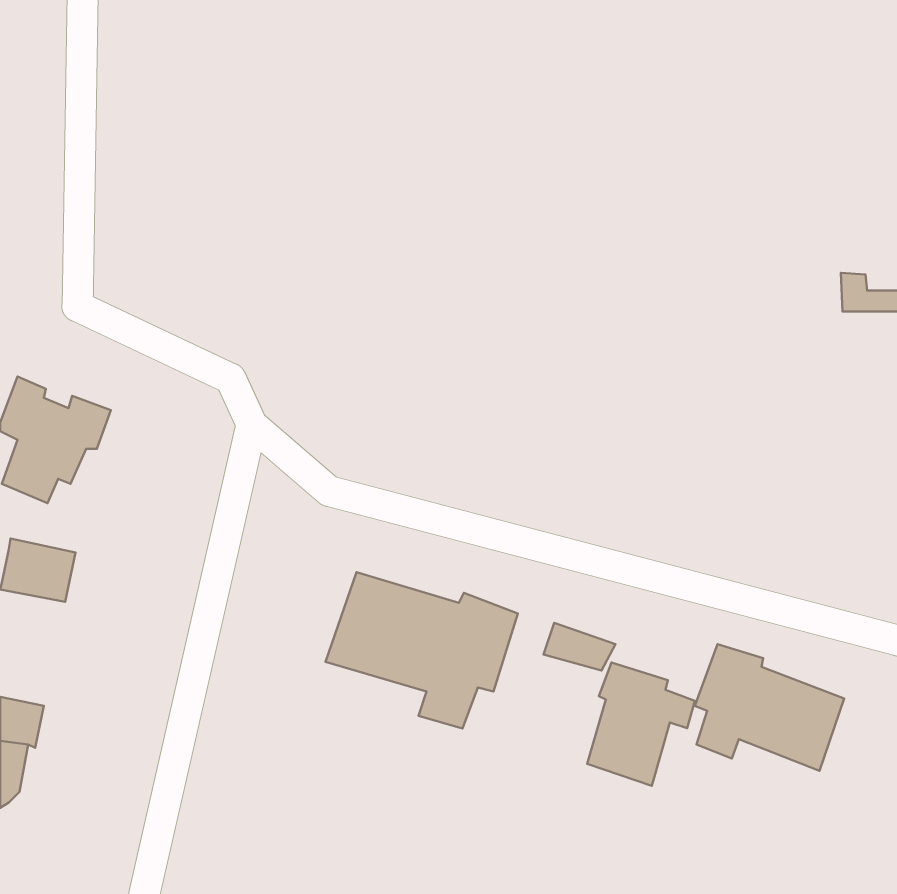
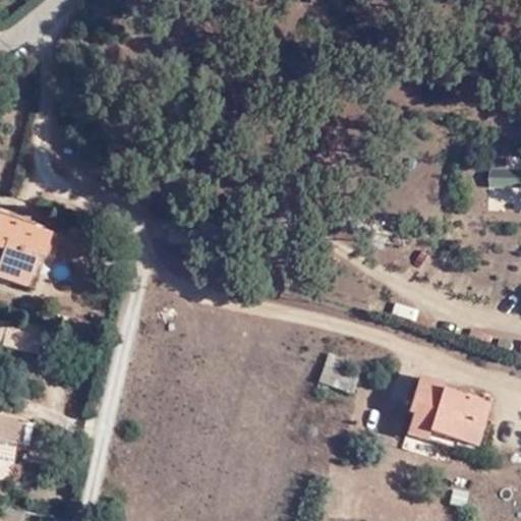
building: [326,572,518,728] -> none
building: [587,662,695,786] -> none

